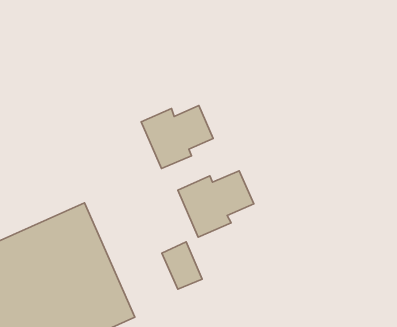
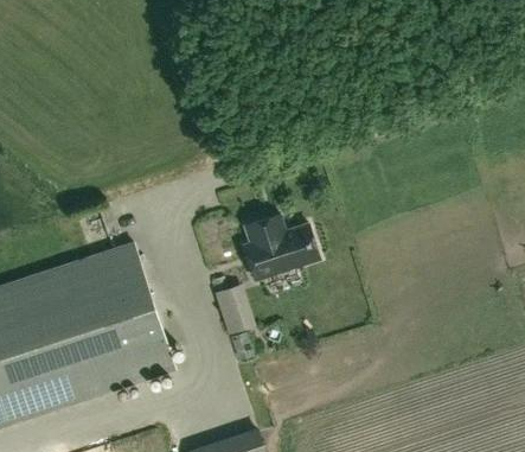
building: [141,106,213,168] -> none

